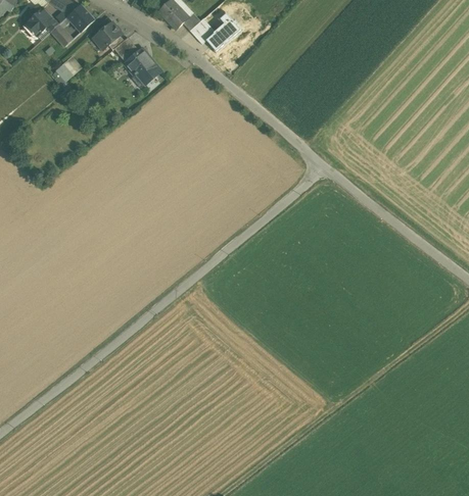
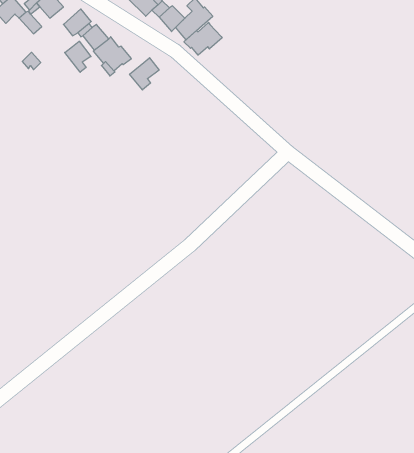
building: none -> [184,22,222,55]
building: none -> [65,41,91,72]
building: none -> [130,58,159,90]

